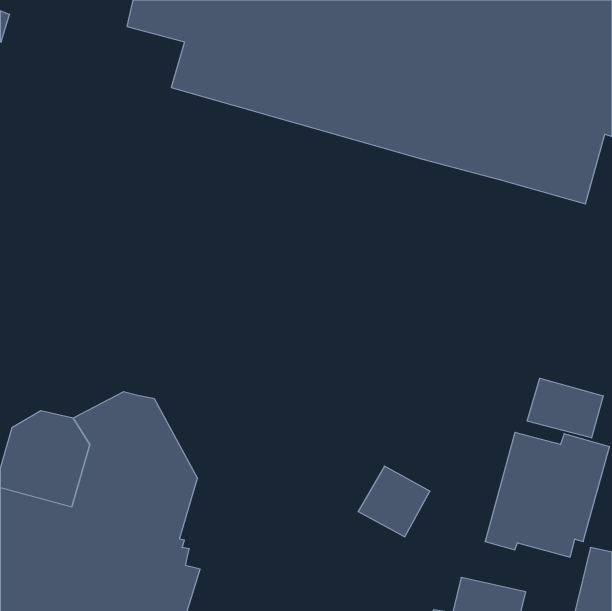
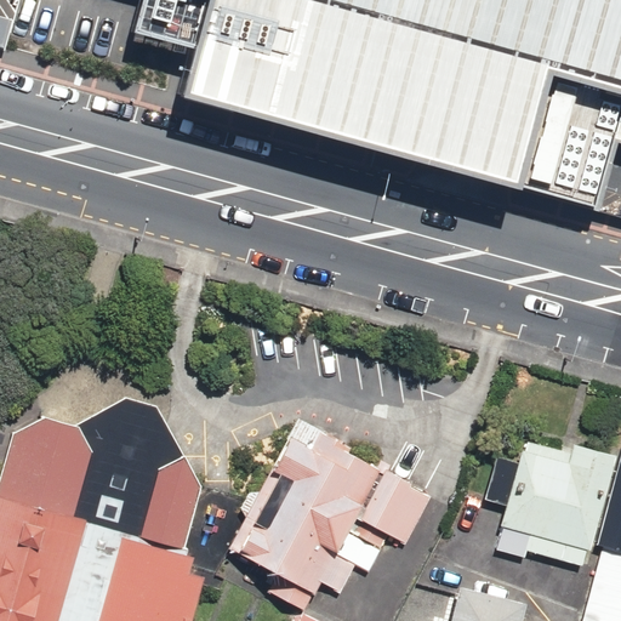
building: [527,378,603,438] -> none
building: none -> [228,416,389,615]

